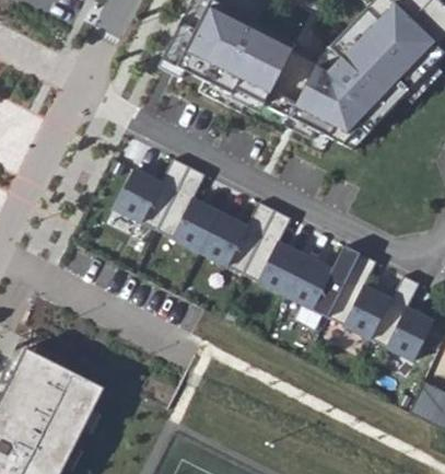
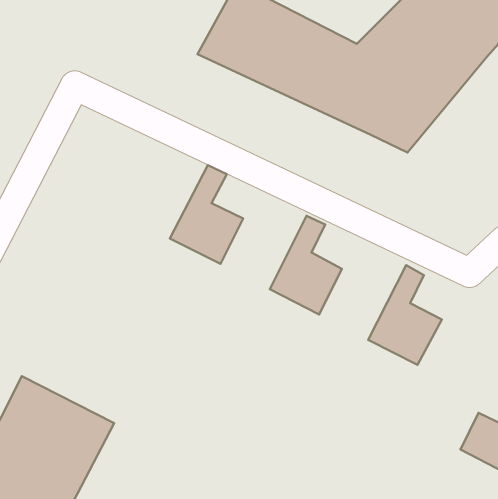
building: [113,157,188,229] -> none
building: [199,200,273,273] -> none
building: [284,244,360,316] -> none
building: [370,274,433,360] -> none

